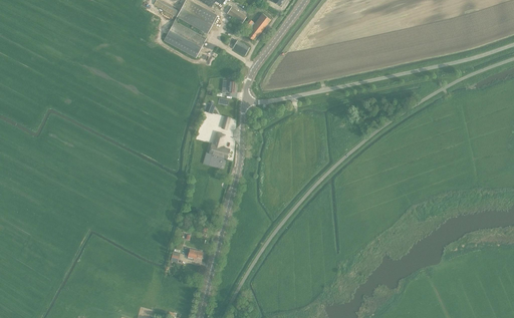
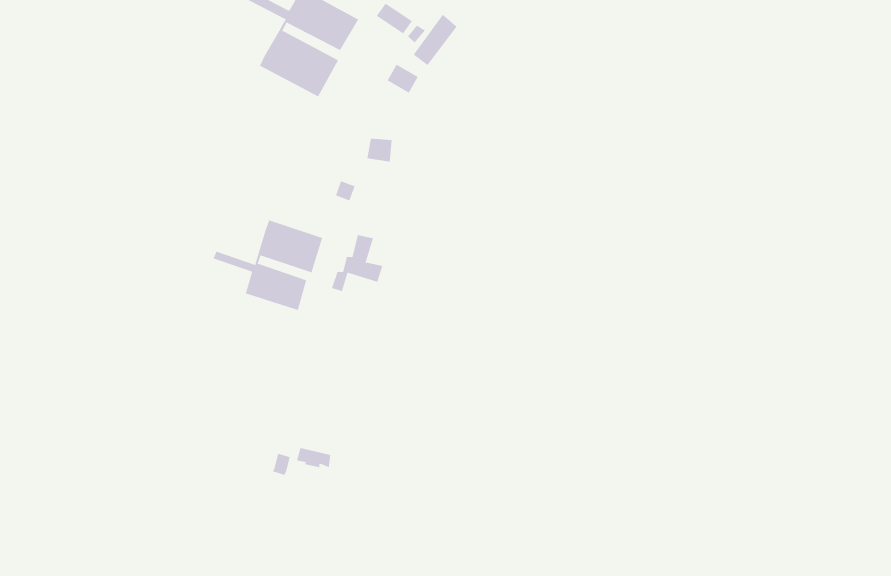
building: none -> [213,220,323,311]

